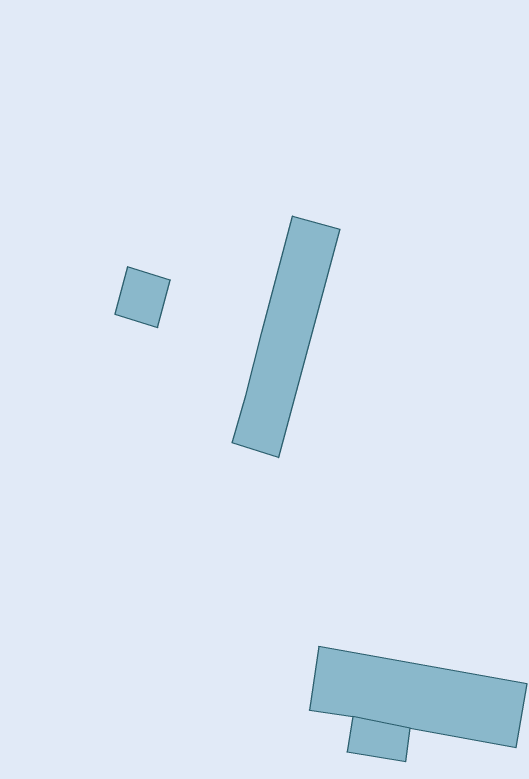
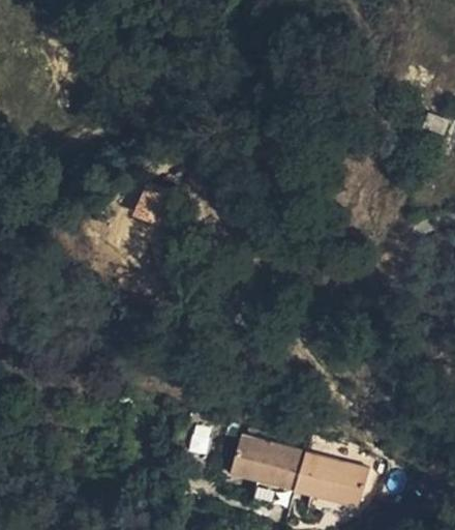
building: [232,216,340,458] -> none

